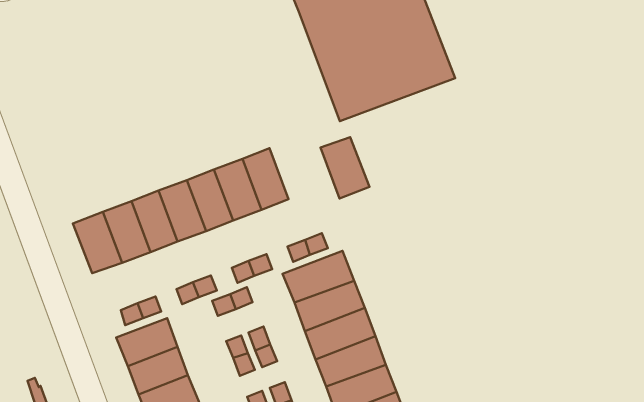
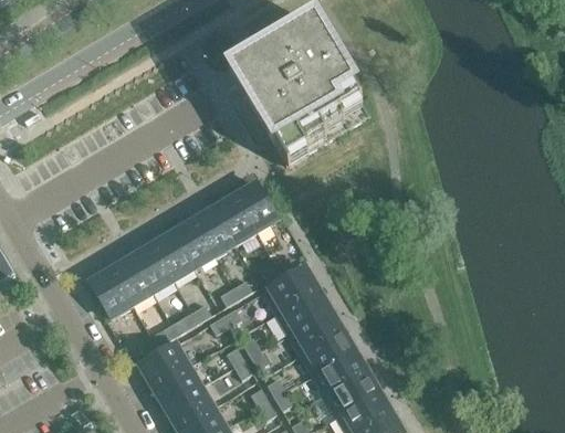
building: [320,137,370,198] -> [234,182,279,232]

